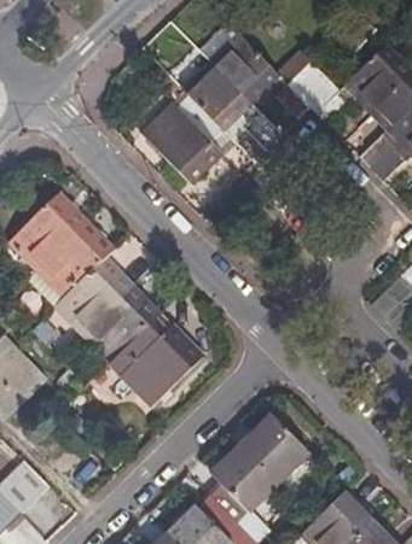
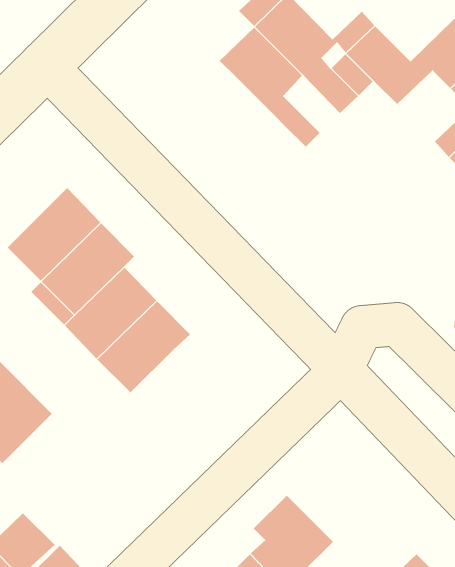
building: [144,92,236,183] -> none
building: [111,326,203,404] -> none
building: [239,414,309,484] -> none

